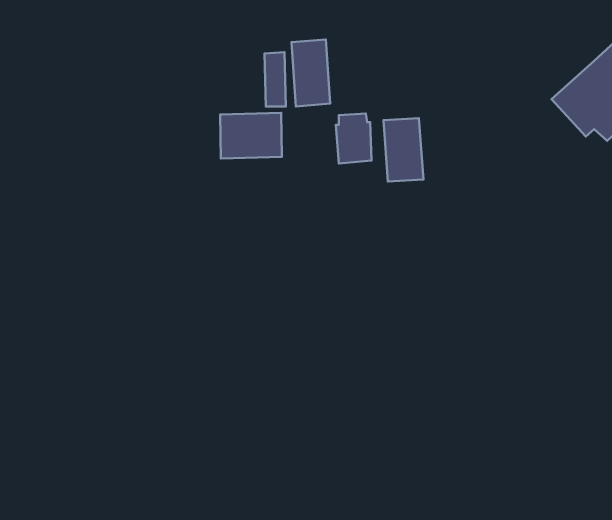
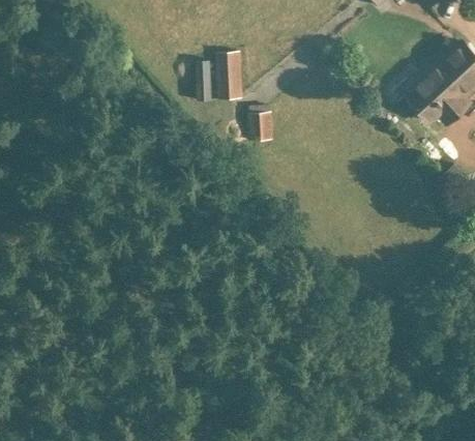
building: [220,113,282,159] -> none
building: [383,118,423,182] -> none

